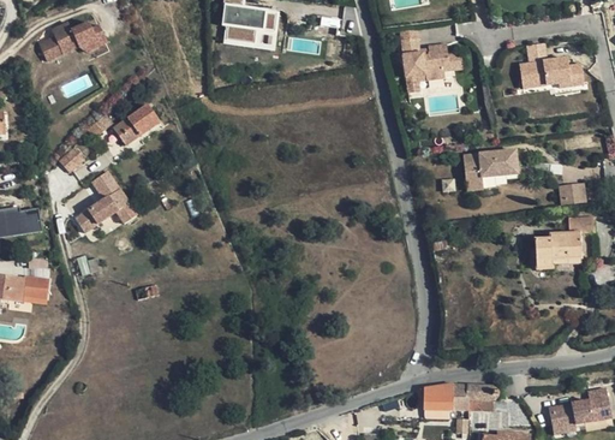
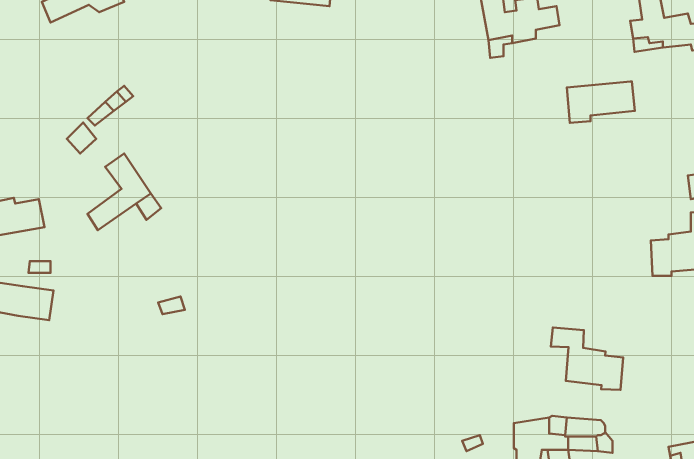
building: [114,105,157,144] -> none
building: [461,154,517,188] -> [567,82,635,123]
building: none -> [551,328,623,390]

